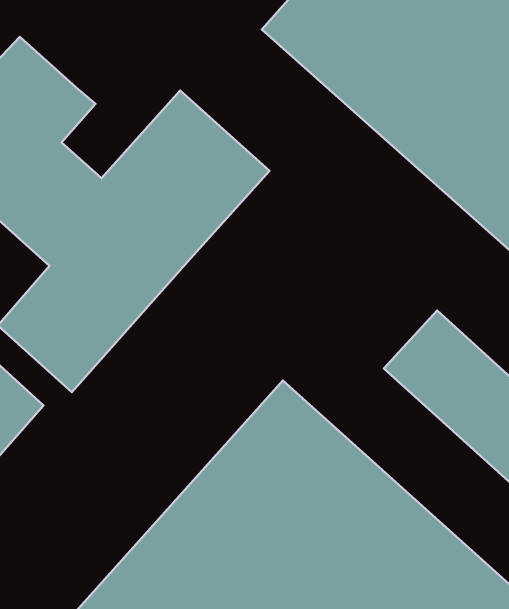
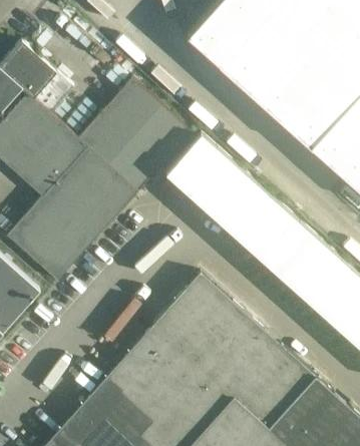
building: none -> [165,133,304,266]

